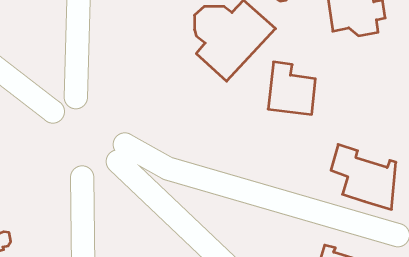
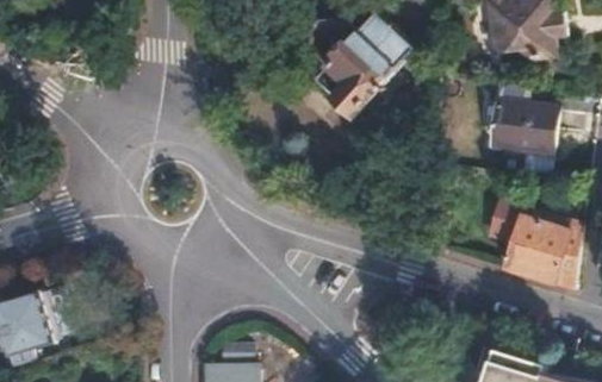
building: [268,62,315,114] -> [492,84,556,155]

